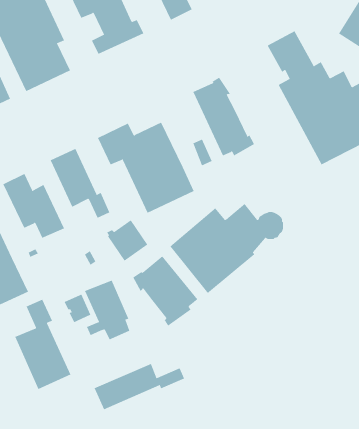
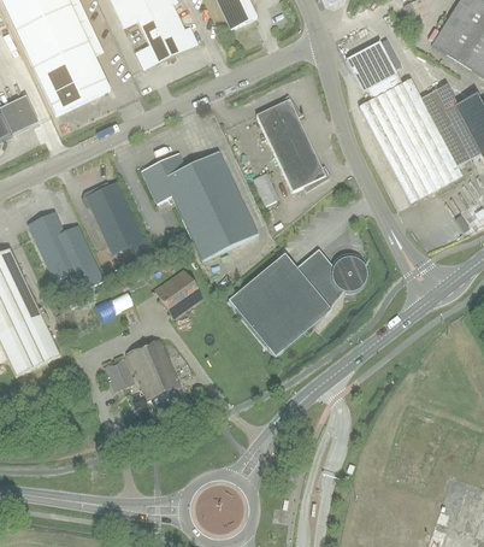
building: [133,256,198,327] -> none
building: [14,299,71,390] -> none
building: [94,363,185,410] -> none

